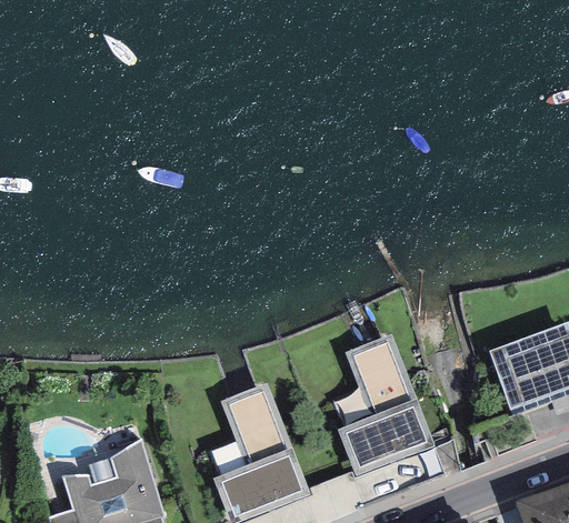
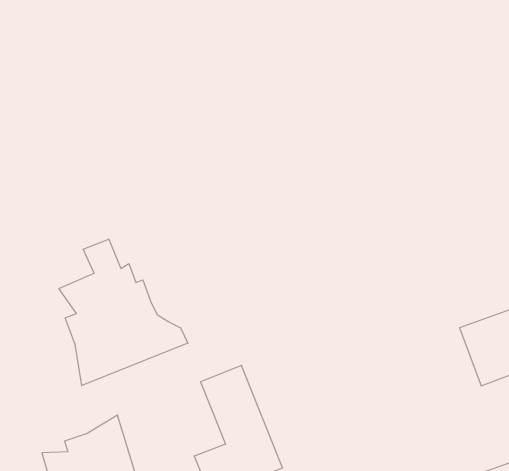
building: none -> [59,239,188,386]
building: [339,339,432,475] -> none

